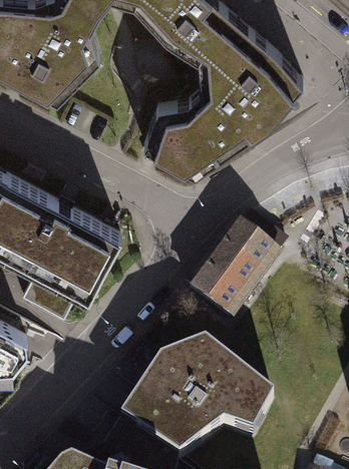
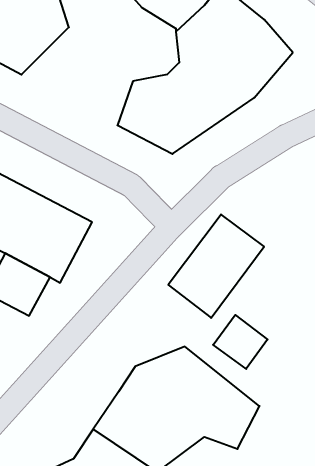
building: none -> [213,315,268,369]

